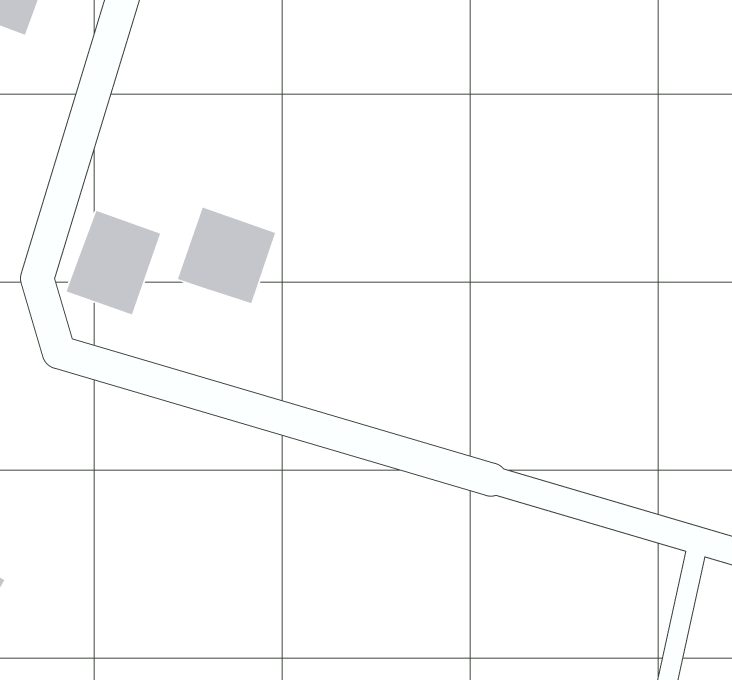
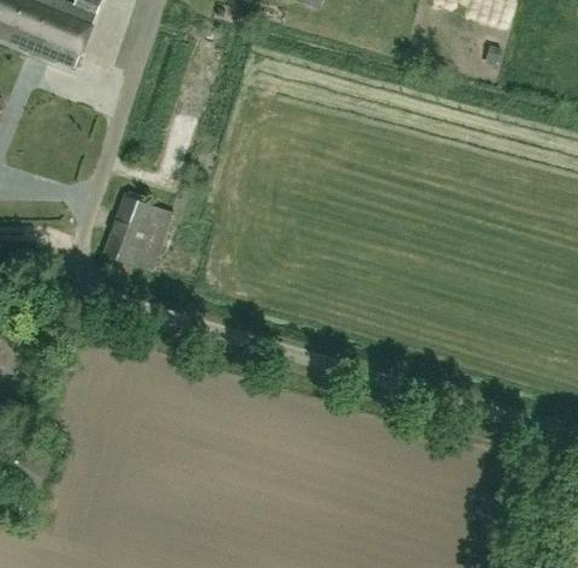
building: [177,206,276,304] -> none

